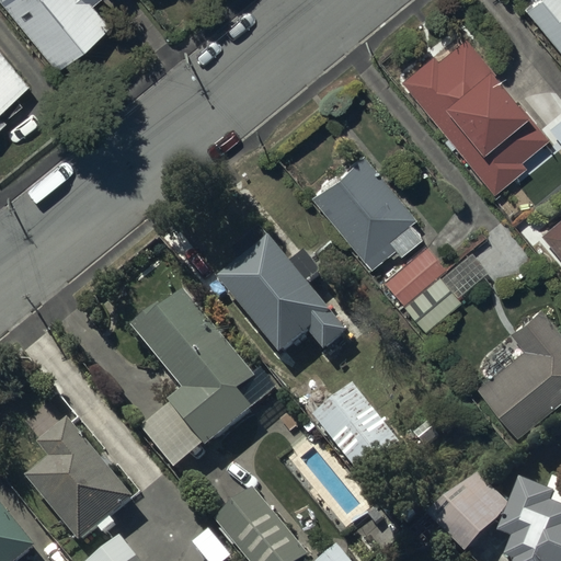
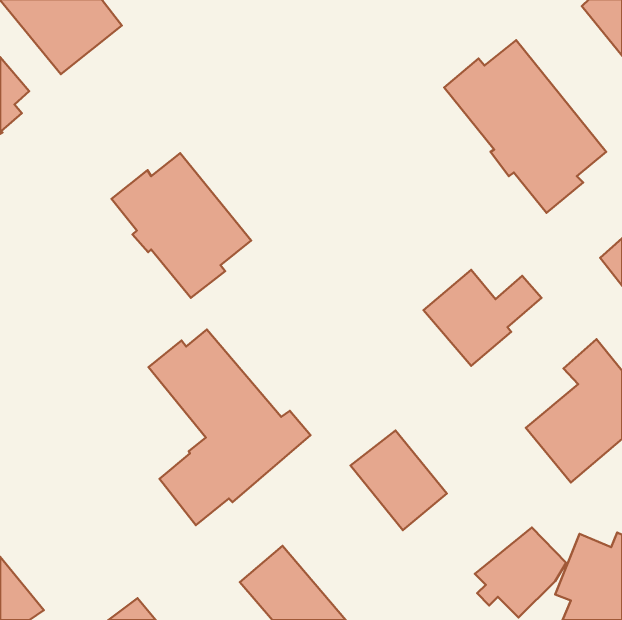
building: none -> [111,153,251,298]
building: [309,151,420,266] -> none
building: [220,231,348,358] -> none
building: [28,423,136,547] -> none

